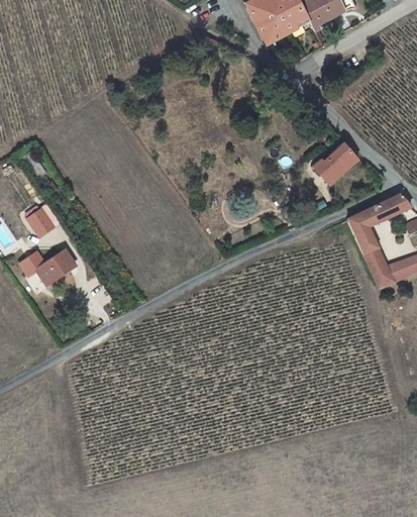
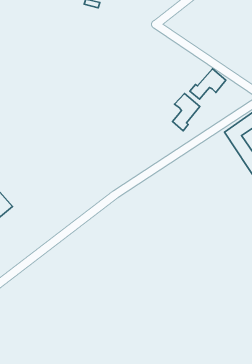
building: none -> [172,93,200,131]

